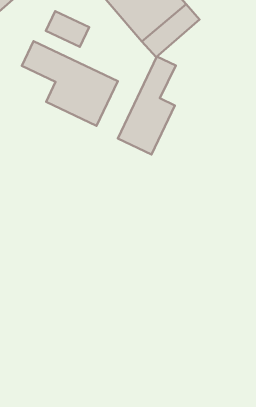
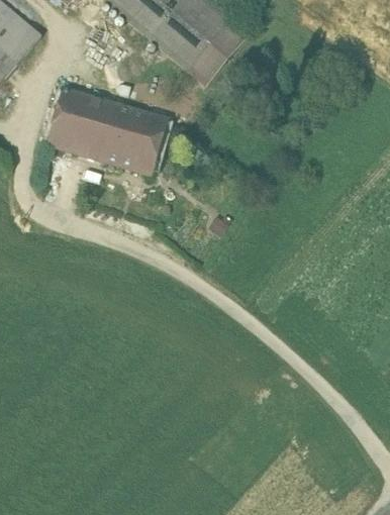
building: [46,11,89,47] -> [47,117,96,153]
building: [118,57,176,155] -> none

